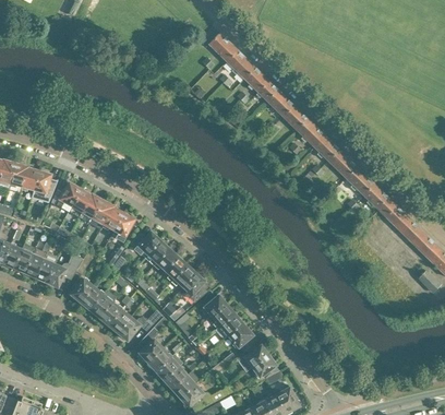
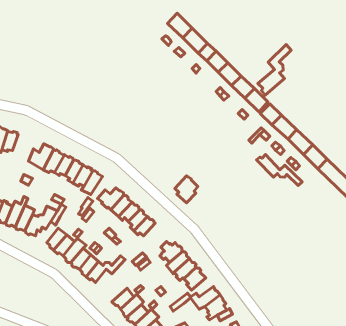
building: none -> [258,44,291,95]
building: [31,170,58,203] -> none
building: none -> [257,155,302,185]
building: [182,273,208,304] -> [175,176,198,203]
building: [139,317,169,363] -> none

